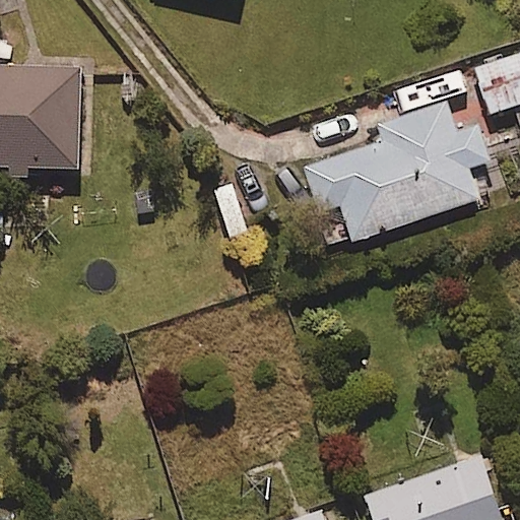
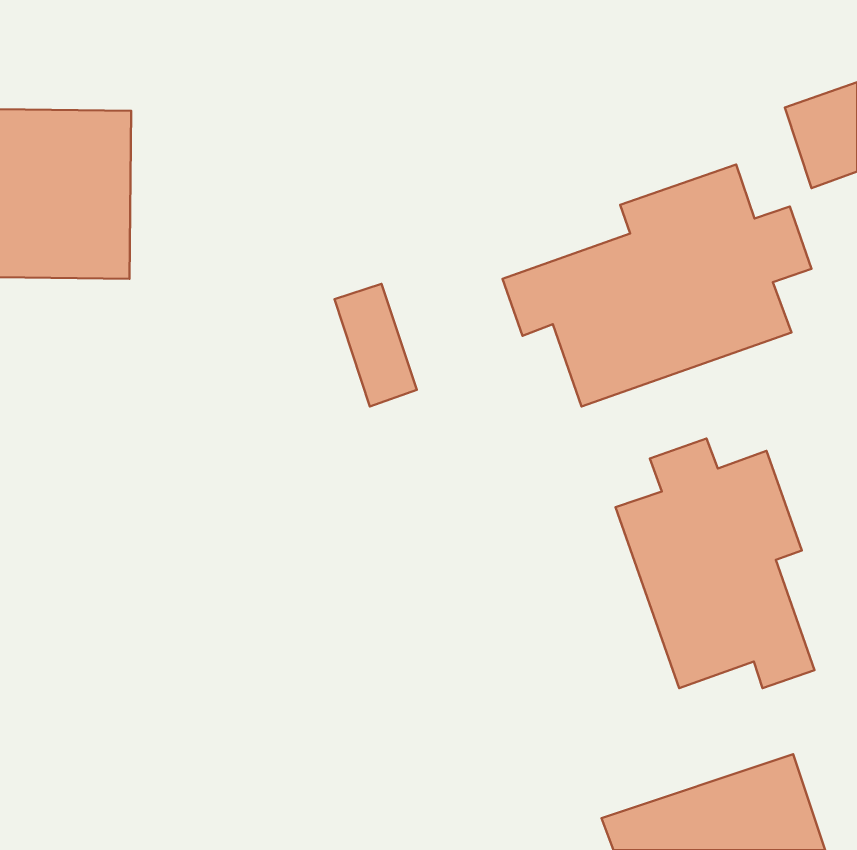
building: none -> [615,438,814,688]

